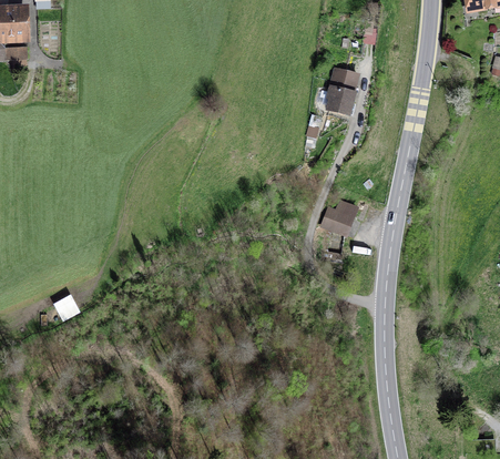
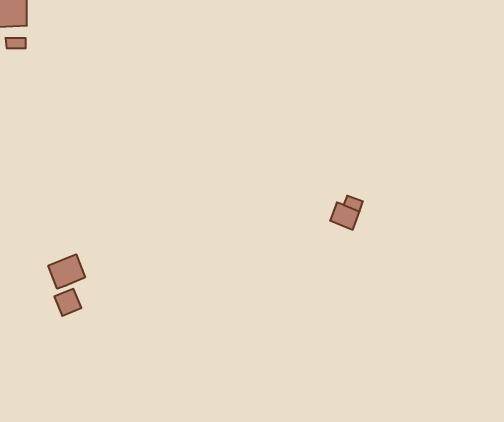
building: [328,70,358,115] -> none
building: none -> [48,254,85,289]

